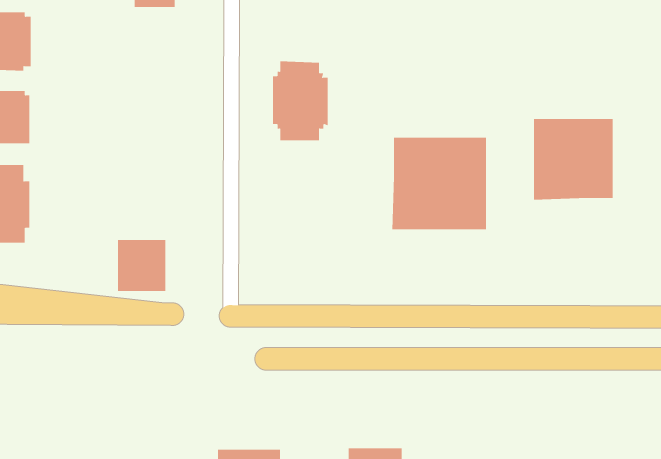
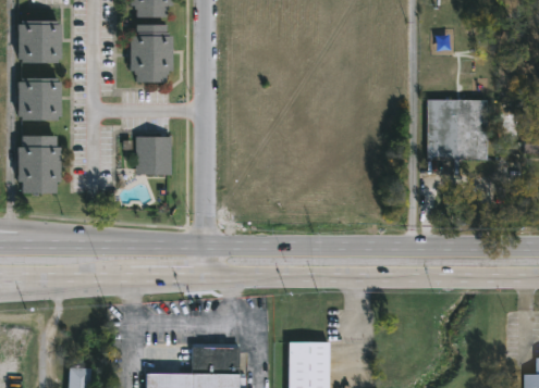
building: [272,61,329,141] -> [130,26,171,85]
building: [392,137,487,230] -> none
building: [117,240,166,292] -> [134,136,170,174]

